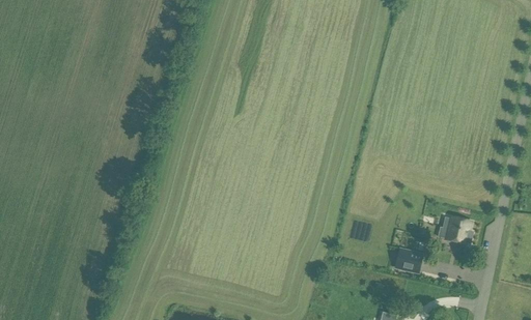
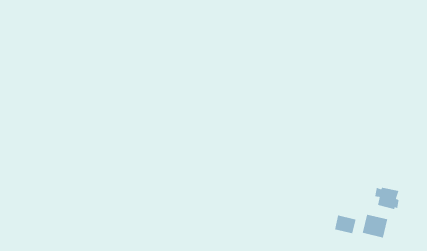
building: none -> [362,214,388,238]

